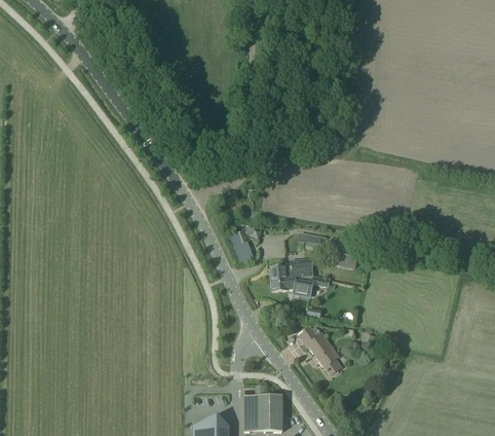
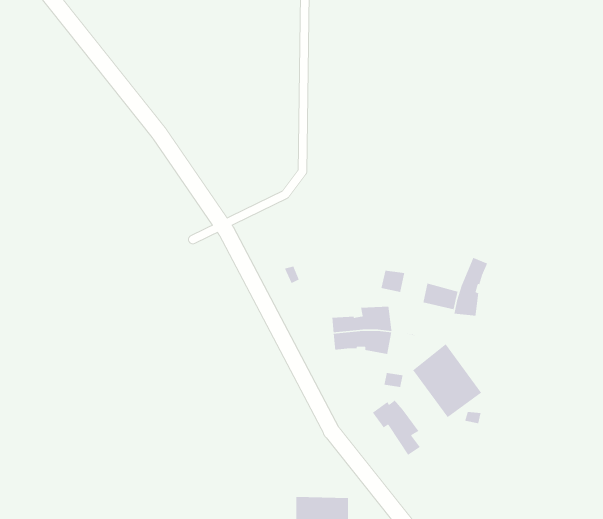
building: none -> [454,257,488,317]
building: none -> [412,343,482,418]

